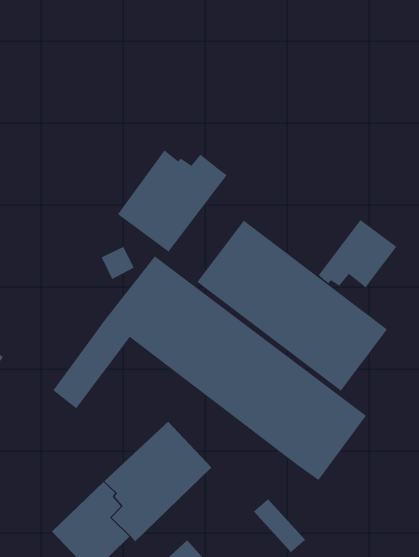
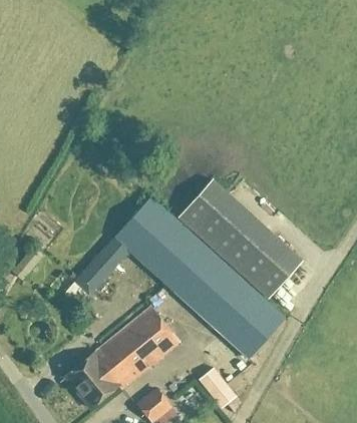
building: [117,149,228,252] -> none
building: [318,219,397,288] -> none

